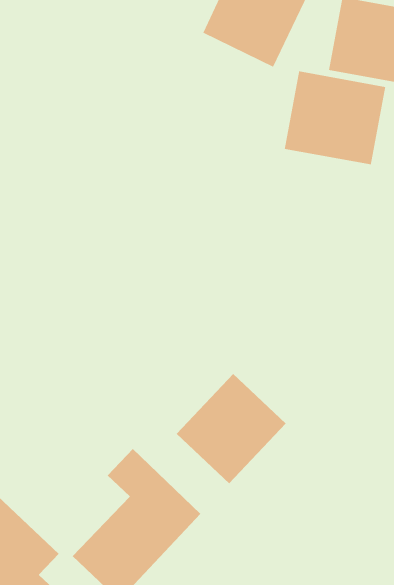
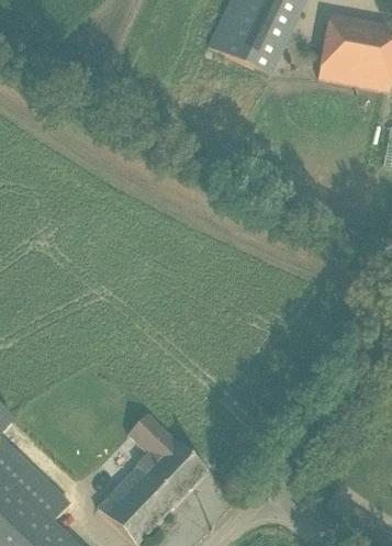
building: [284,71,386,165] -> none
building: [176,373,286,484] -> none

